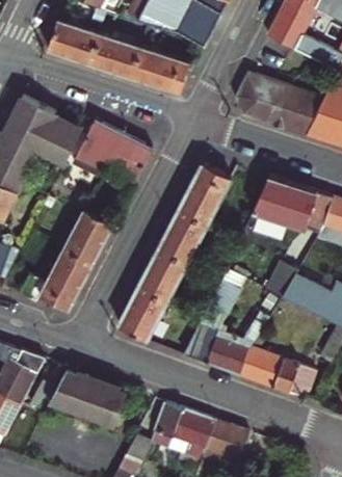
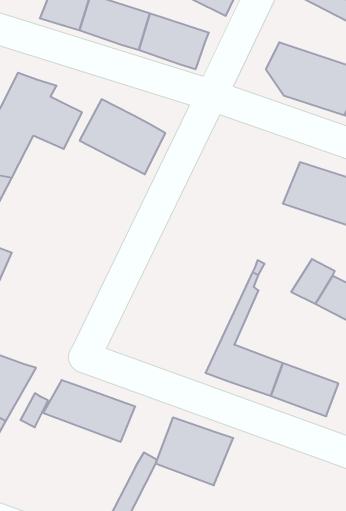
building: [120,157,235,343] -> none
building: [24,210,116,309] -> none
building: [190,414,243,468] -> none

